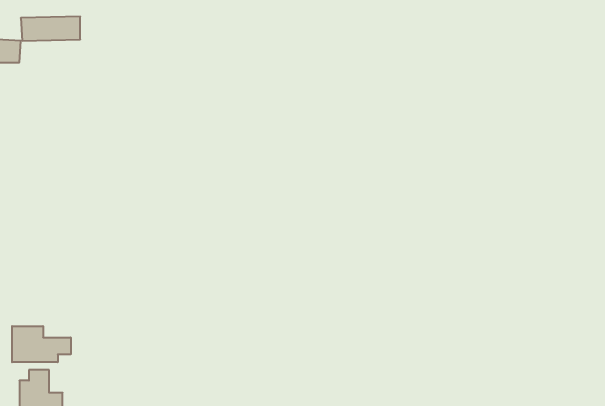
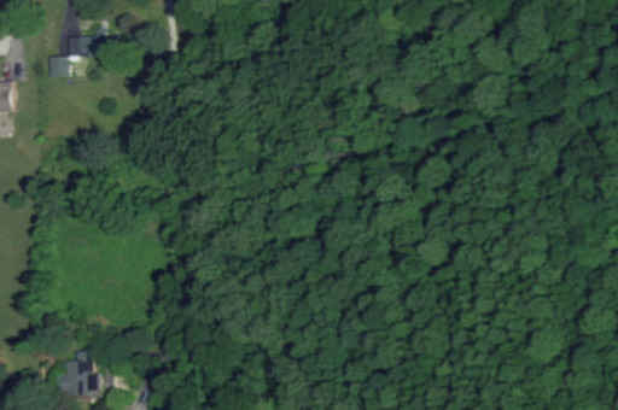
building: [12,326,71,362] -> none

